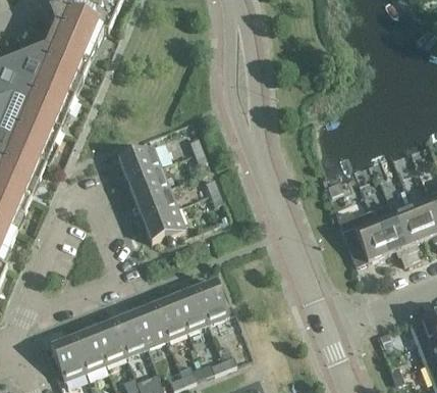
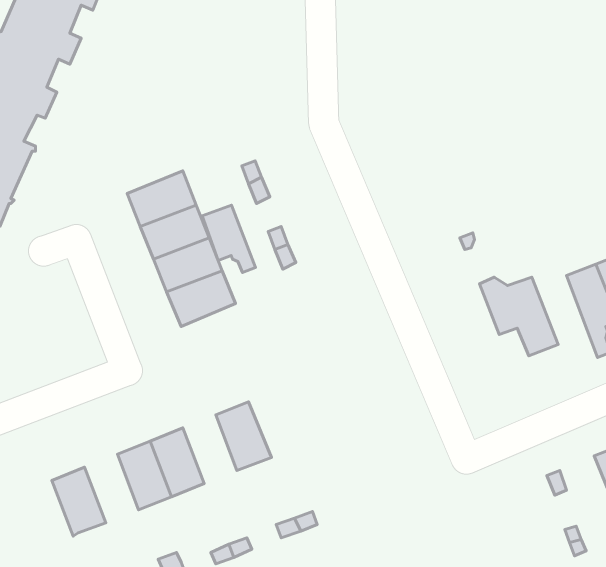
building: none -> [202,205,255,272]
building: [369,201,409,262] -> none
building: [193,279,227,322] -> none
building: [152,295,185,338] -> none
building: [91,320,124,362] -> none
building: [49,336,84,379] -> none

